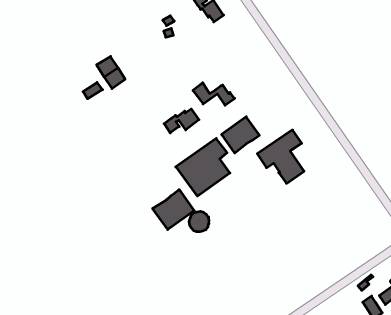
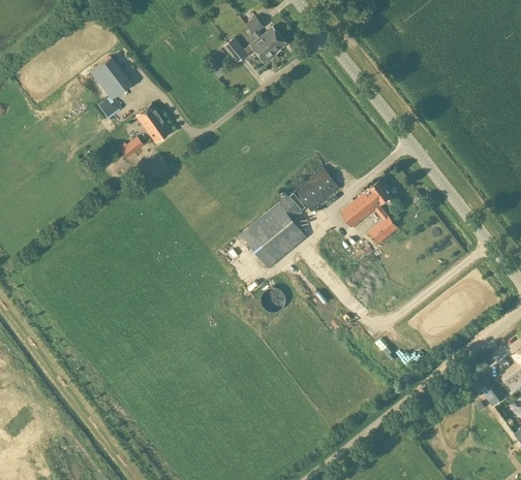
building: none -> [89,56,132,119]
building: [193,83,235,105] -> [223,37,275,63]
building: [164,109,199,133] -> none
building: [153,190,194,230] -> none

